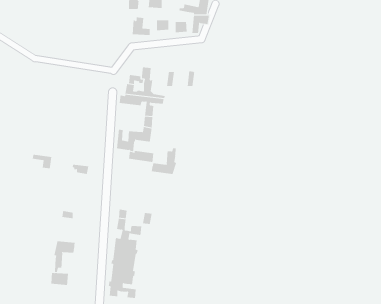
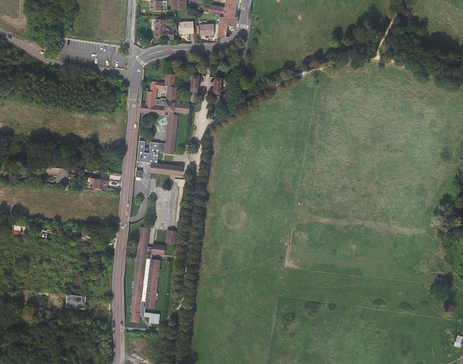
building: [151,148,177,175] -> none
building: [54,241,75,273] -> none

